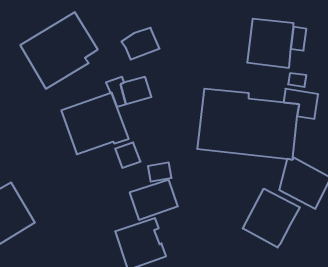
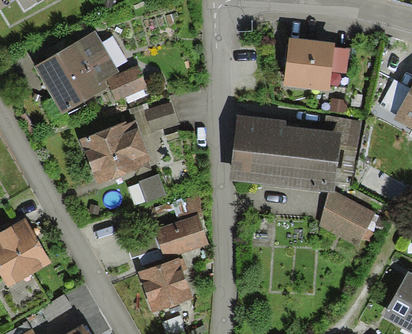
building: [121,28,160,60] -> [105,65,147,100]
building: [243,189,300,248] -> none

